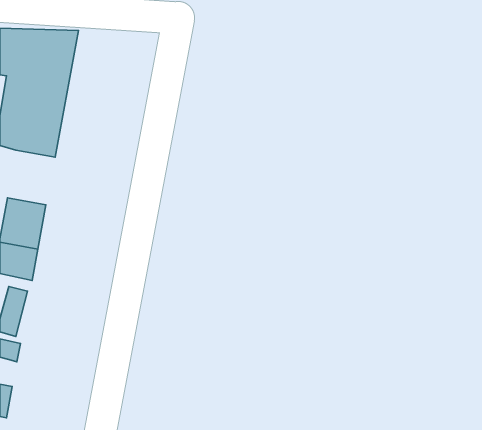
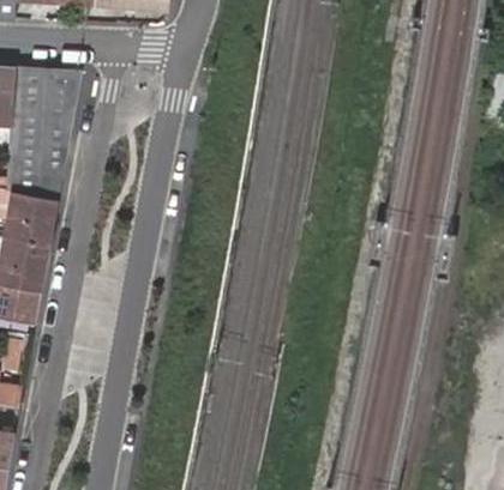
building: none -> [8,189,58,246]

